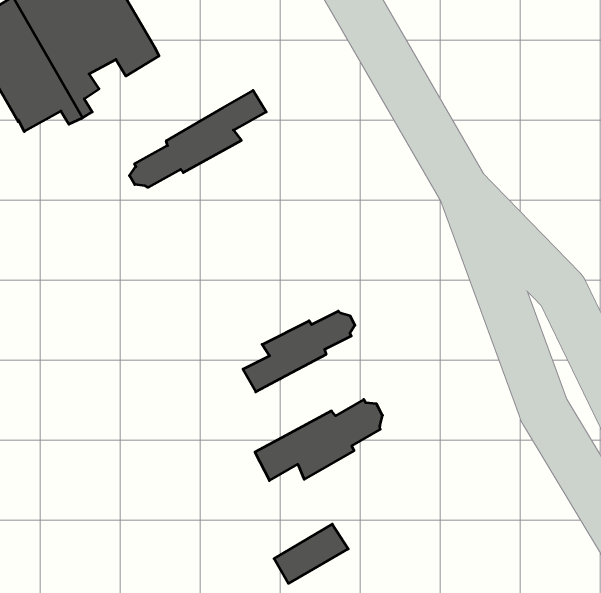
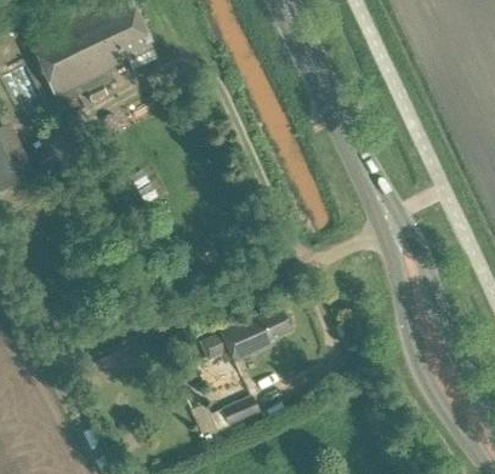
building: [129,90,266,187] -> none
building: [243,311,355,392] -> none

